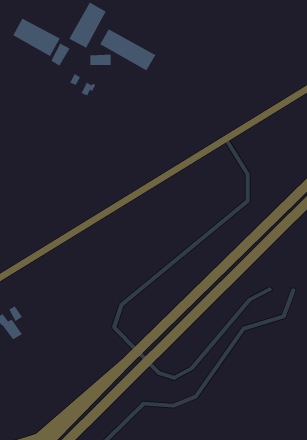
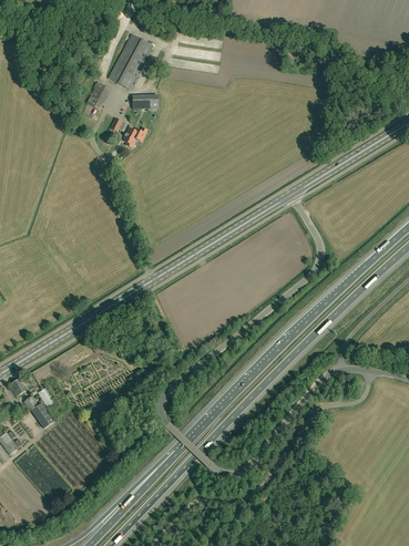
building: [12,18,61,57] -> none
building: [100,29,156,71] -> none

